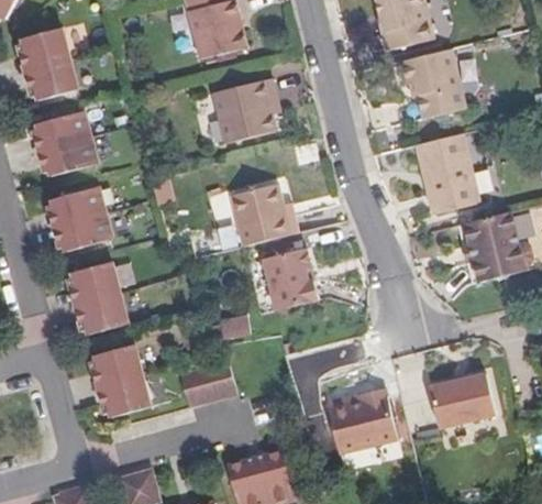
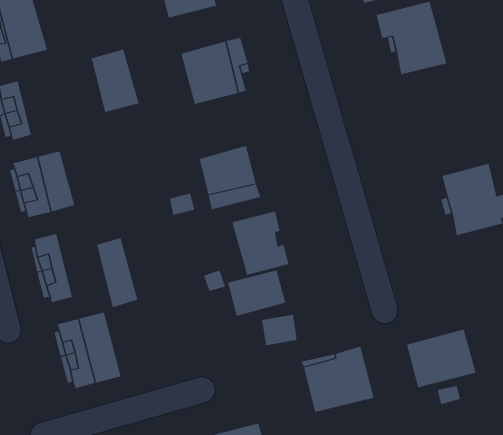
building: [53,112,100,174] -> [91,49,140,112]
building: [419,129,479,209] -> none
building: [90,263,131,331] -> [96,238,138,308]
building: [182,364,240,409] -> [227,270,286,316]

